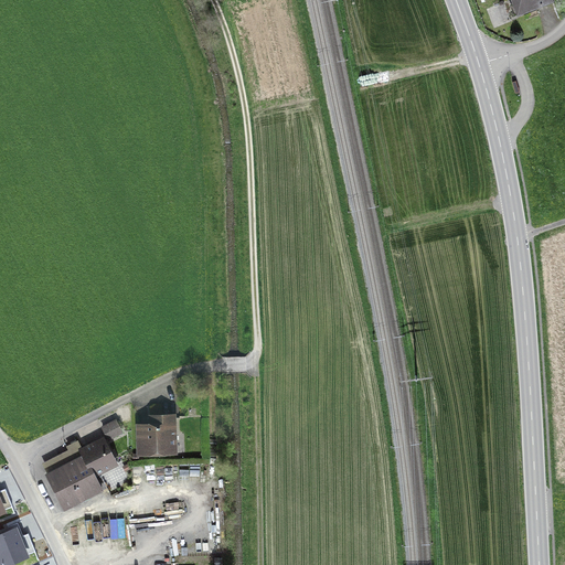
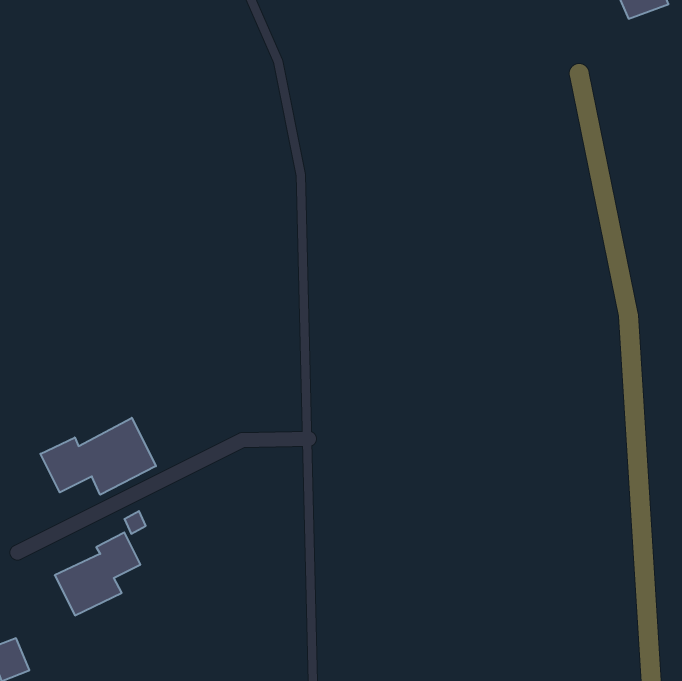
building: none -> [40,418,156,495]
building: [137,417,177,456] -> none

